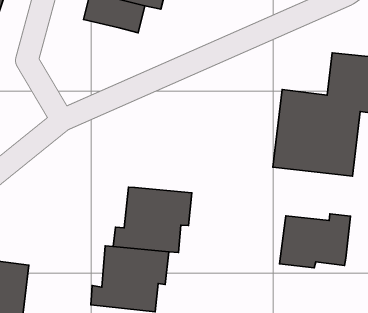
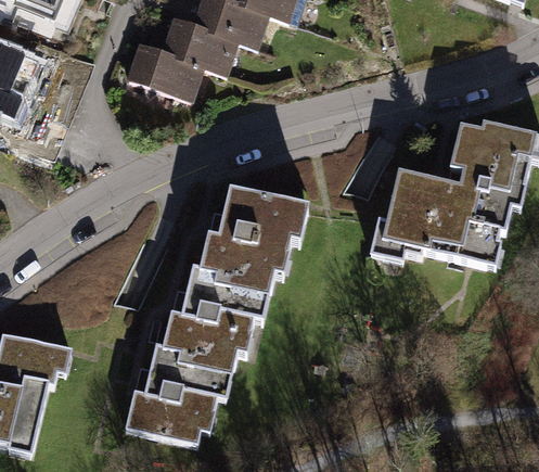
building: none -> [127,38,205,94]
building: none -> [203,191,307,279]
building: [280,214,351,268] -> none

